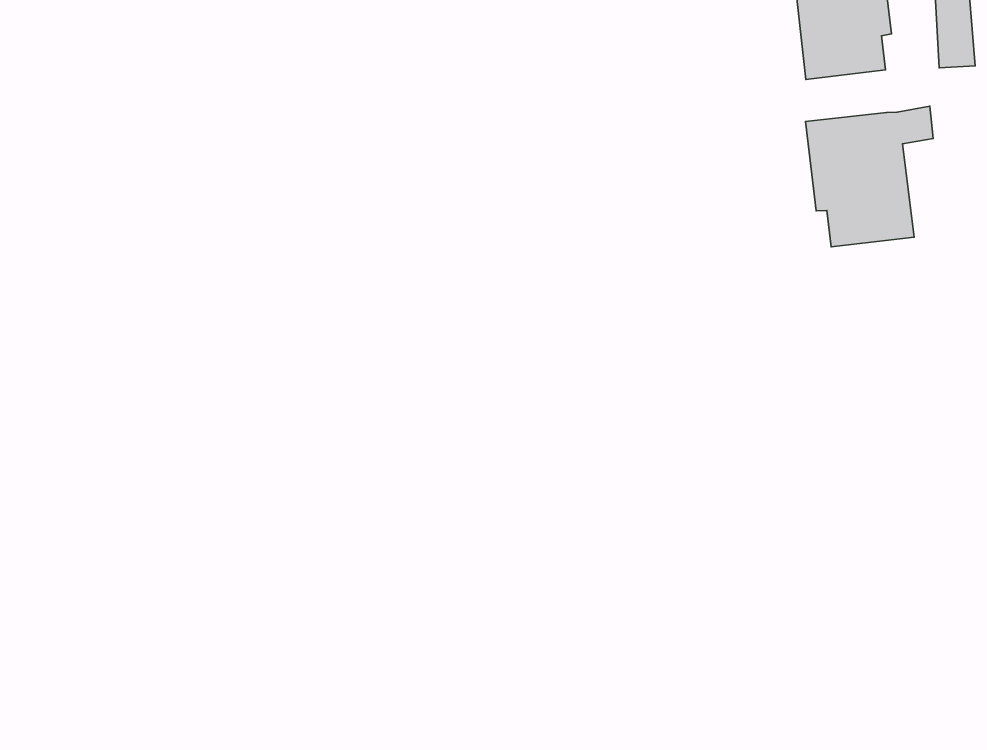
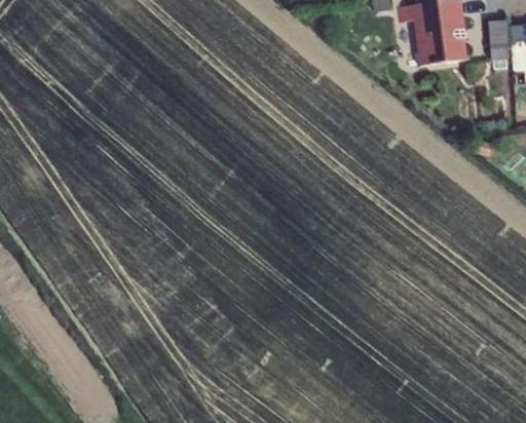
building: [806,106,933,247] -> none

